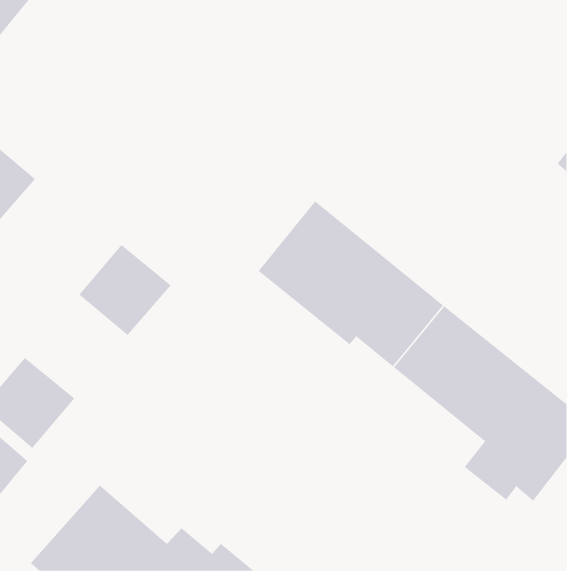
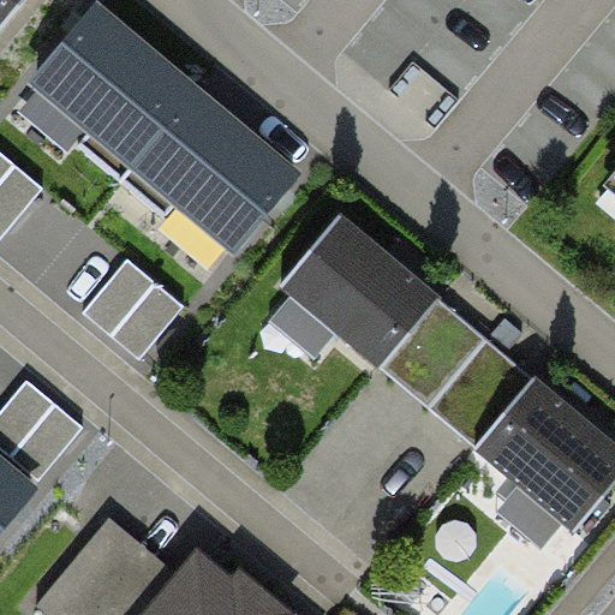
building: none -> [34,13,297,252]

